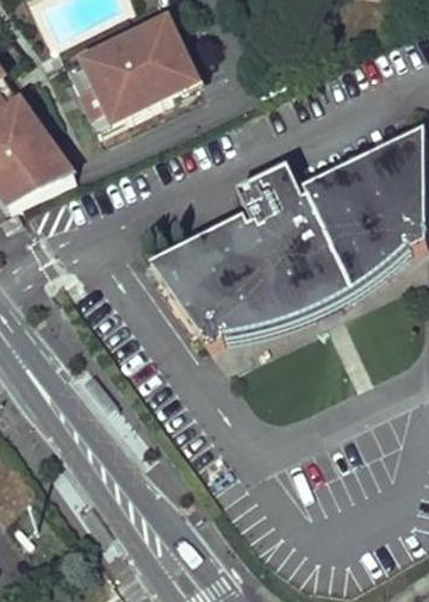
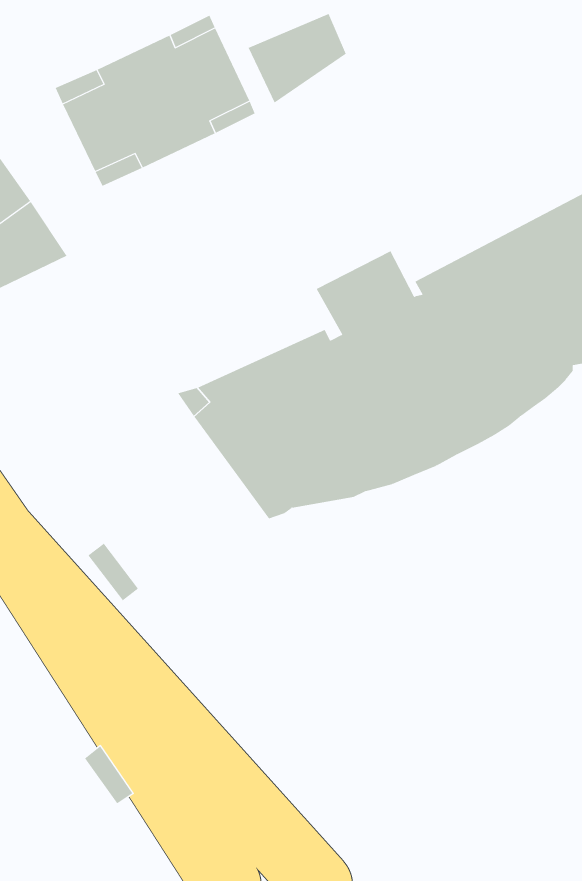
building: none -> [248,13,347,104]

